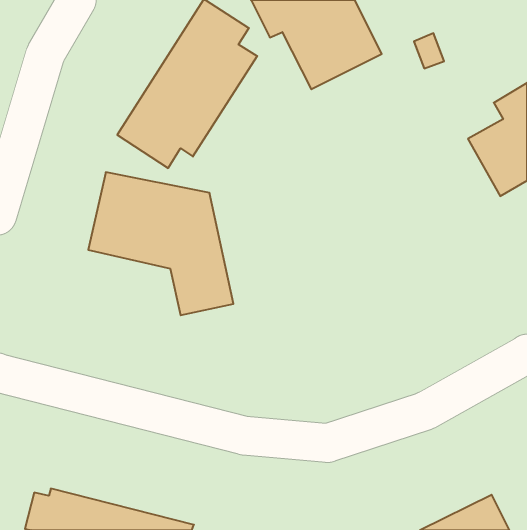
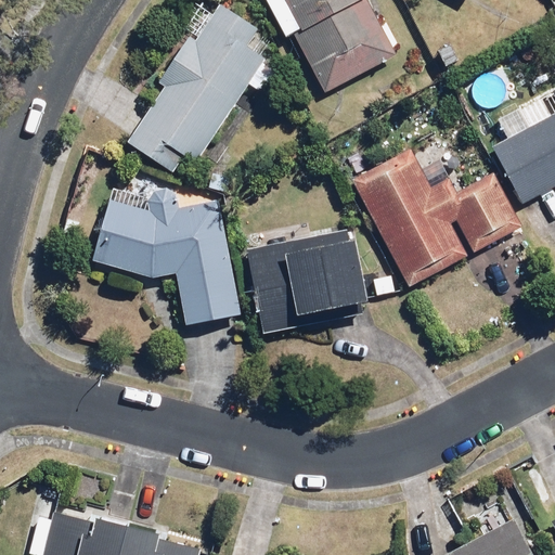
building: none -> [354,138,522,291]
building: none -> [241,222,374,335]

